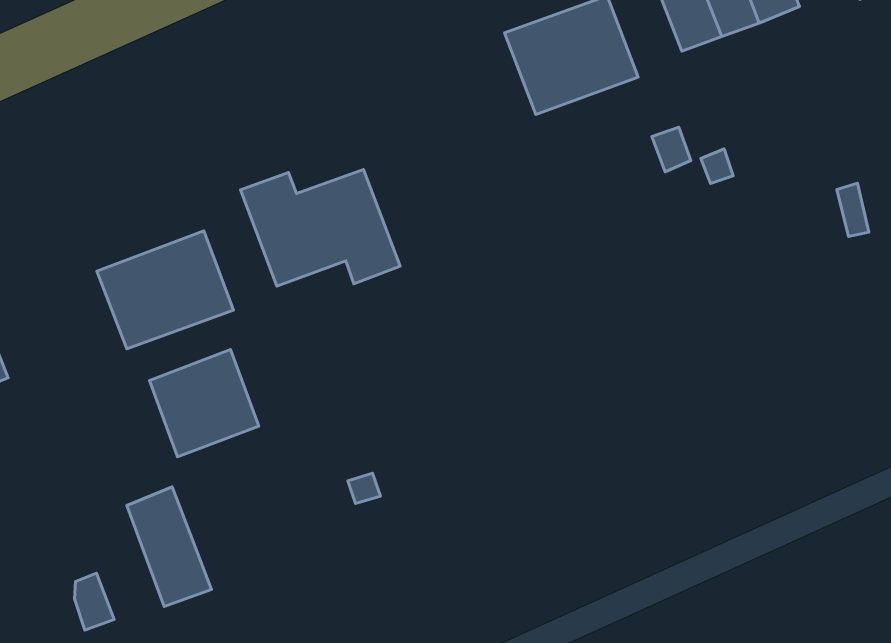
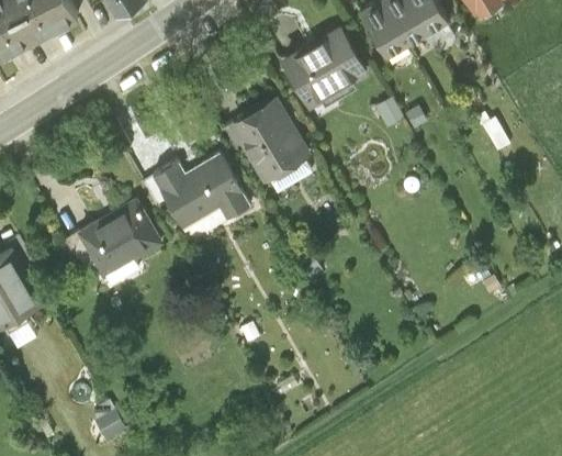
building: none -> [234,100,310,191]
building: [149,350,259,457] -> none
building: [127,487,211,607] -> none

